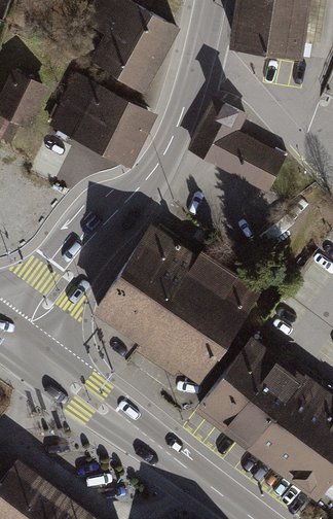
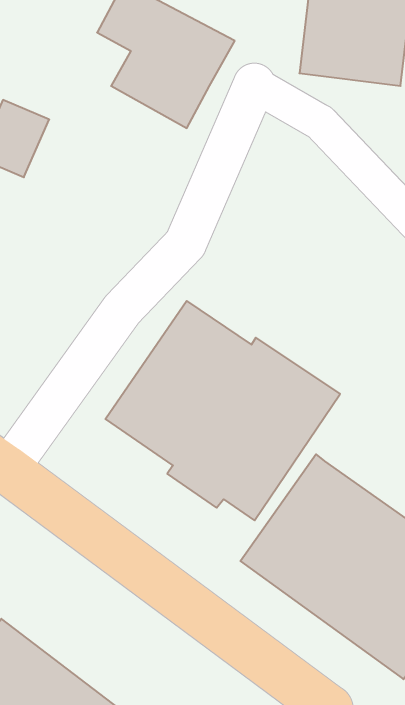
building: [51,75,158,169] -> none
building: [188,99,287,194] -> none

